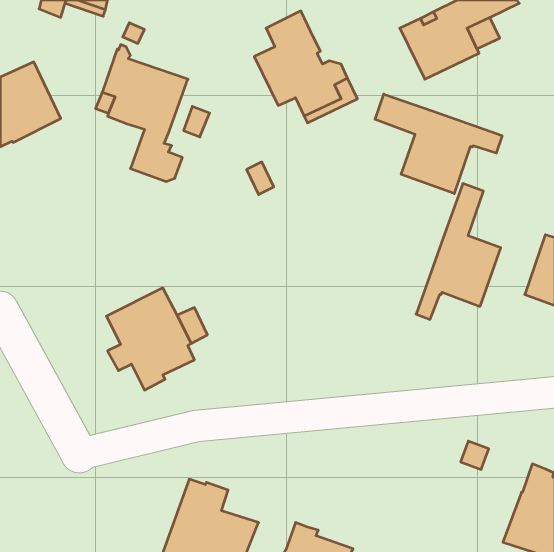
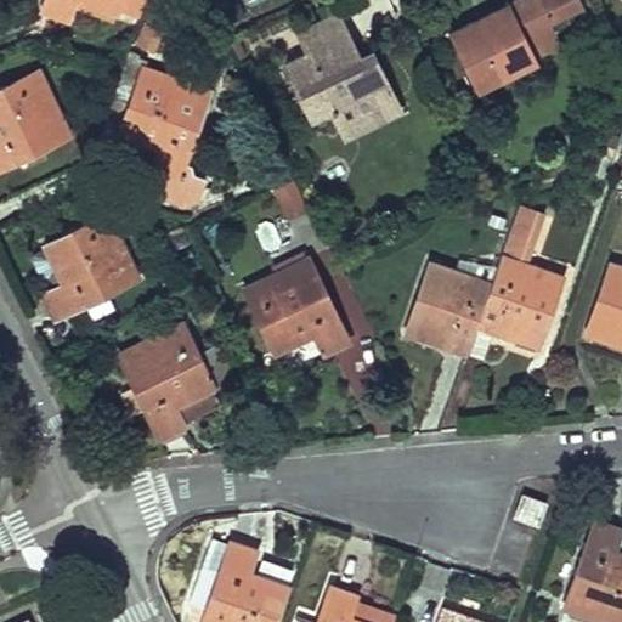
building: [375,94,502,194] -> none
building: none -> [44,216,140,321]
building: none -> [247,256,350,356]
building: none -> [407,262,497,356]

